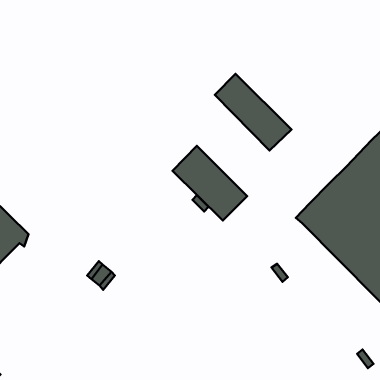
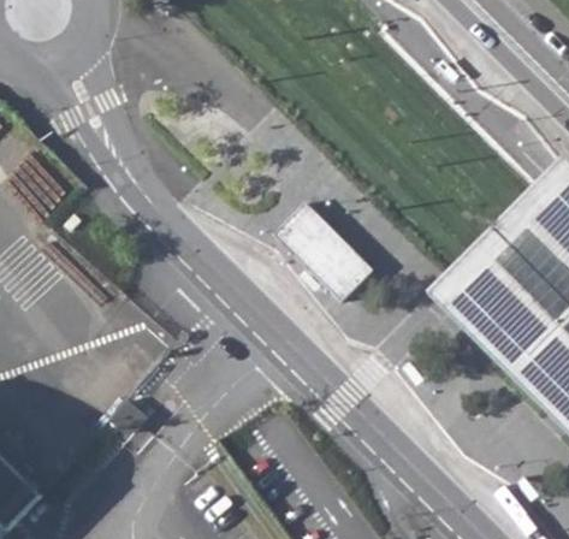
building: [215,74,291,150] -> none

